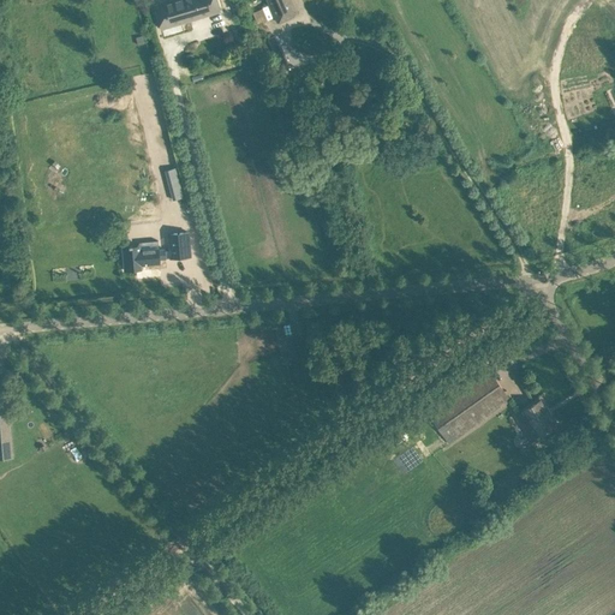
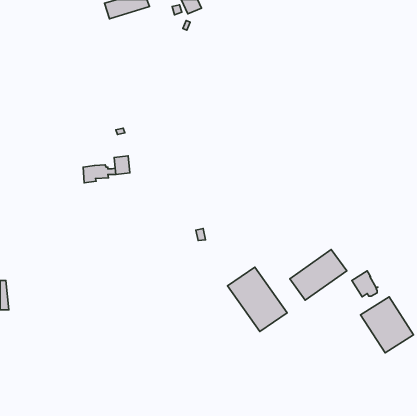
building: none -> [228,267,287,331]
building: none -> [361,297,414,353]

